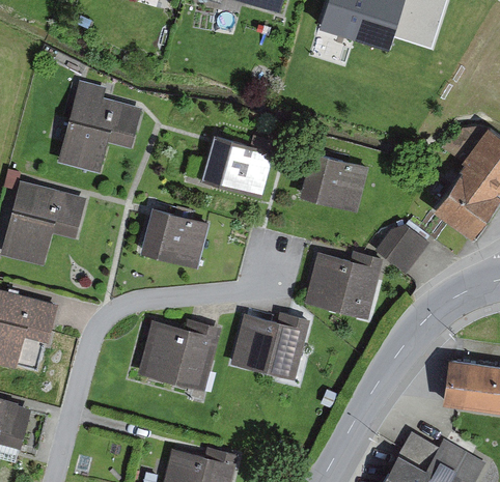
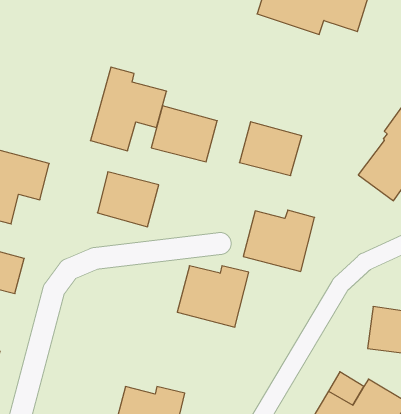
building: [57,80,142,173] -> [90,67,167,151]
building: [376,223,430,273] -> none
building: [138,318,221,391] -> none

